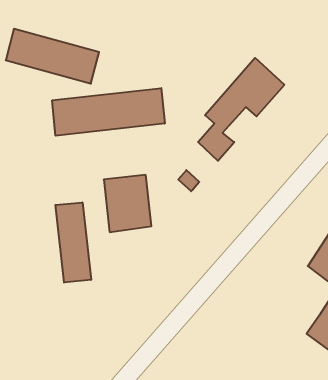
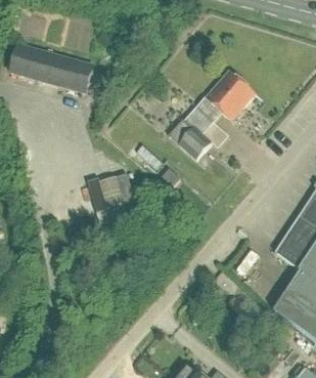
building: [52,88,165,136] -> none
building: [55,202,91,283] -> none

